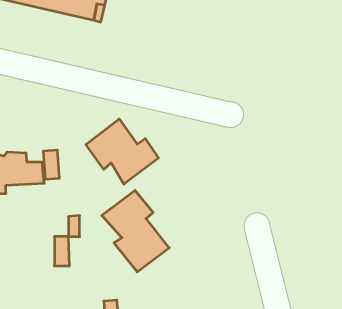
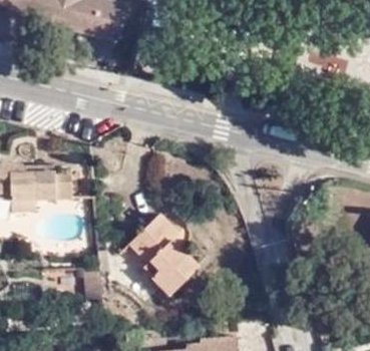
building: [86,119,158,184] -> none

